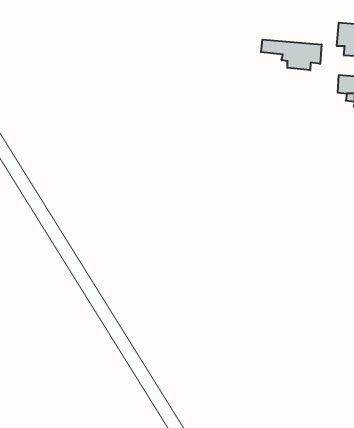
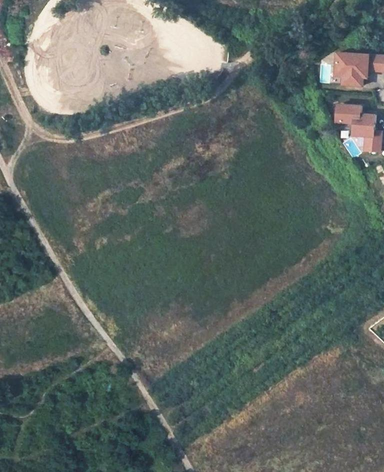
building: [261,40,322,70] -> none

